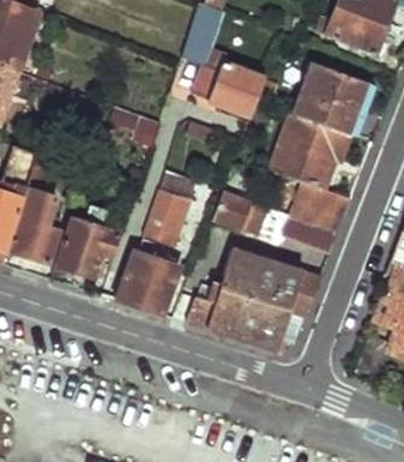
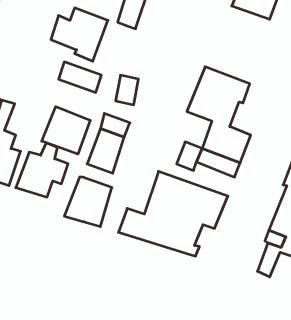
building: [195,55,267,122] -> [51,8,108,61]
building: [296,61,369,134] -> none
building: none -> [42,107,90,154]
building: [213,192,267,235] -> none

